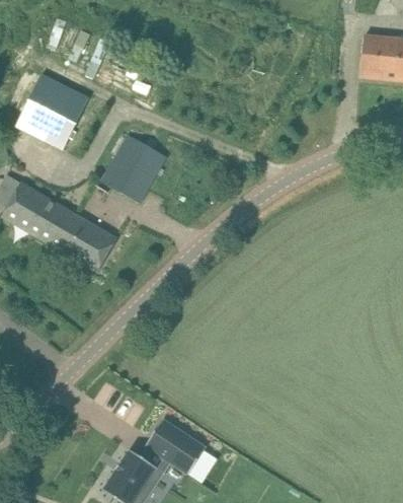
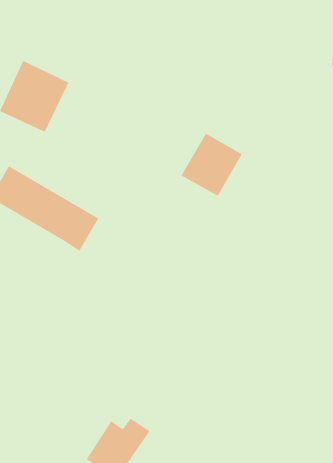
building: [100,136,165,203] -> [181,133,242,197]
building: [145,418,206,474] -> none

